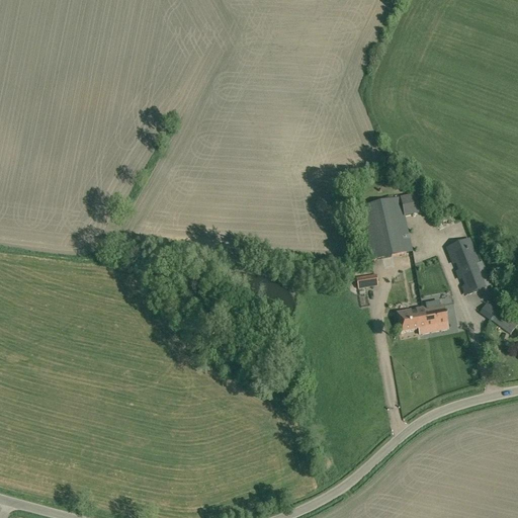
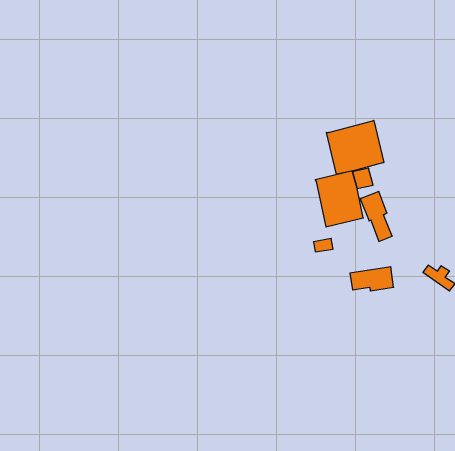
building: none -> [326,120,384,174]
building: [447,237,484,293] -> [360,192,392,241]

